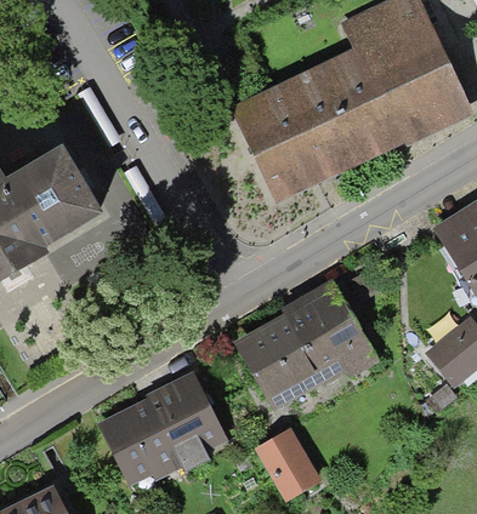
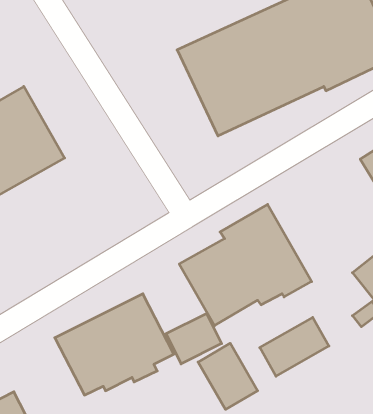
building: none -> [166,313,222,364]
building: none -> [260,317,329,376]

